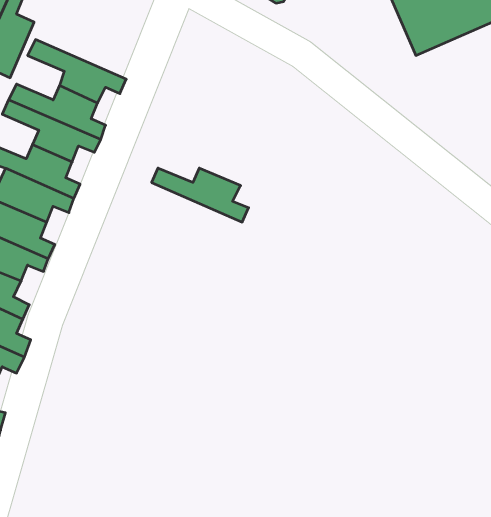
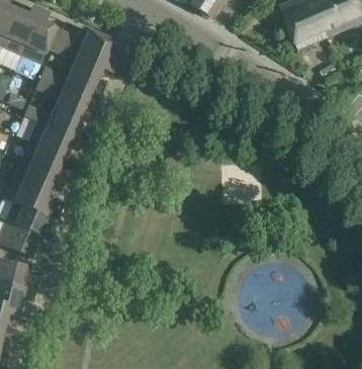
building: [152,168,249,222] -> [57,30,118,65]

